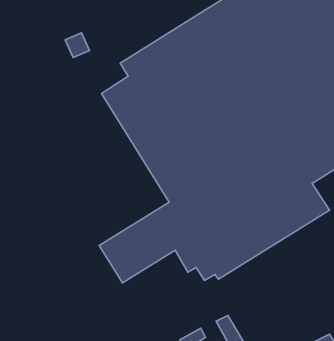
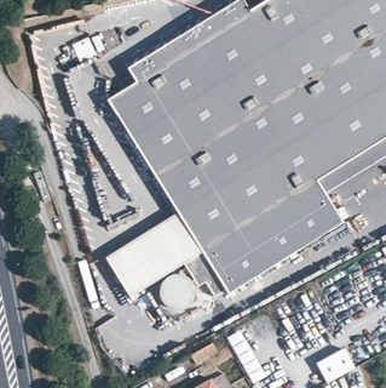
building: none -> [157,280,194,316]

